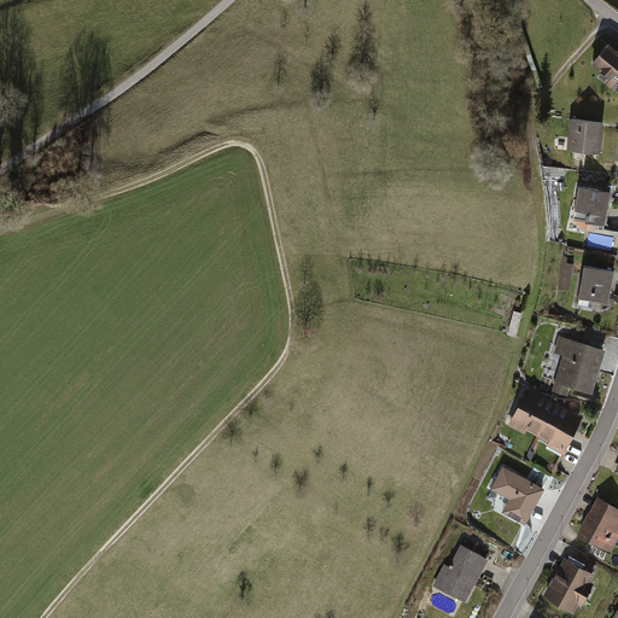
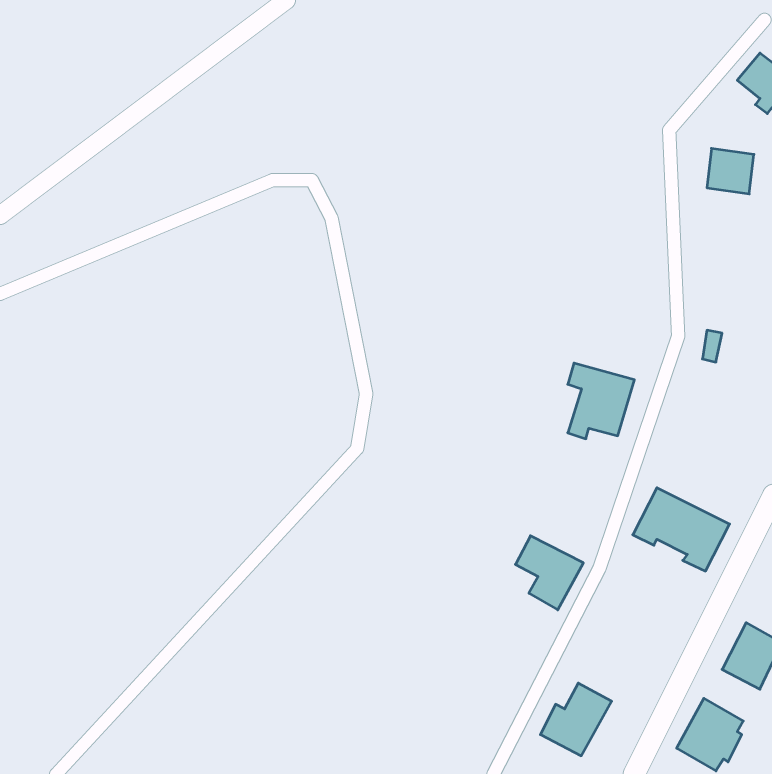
building: [575,187,610,227] -> none
building: [577,267,612,308] -> none
building: [552,336,605,396] -> [568,363,634,439]
building: [490,466,544,525] -> [515,536,583,610]

